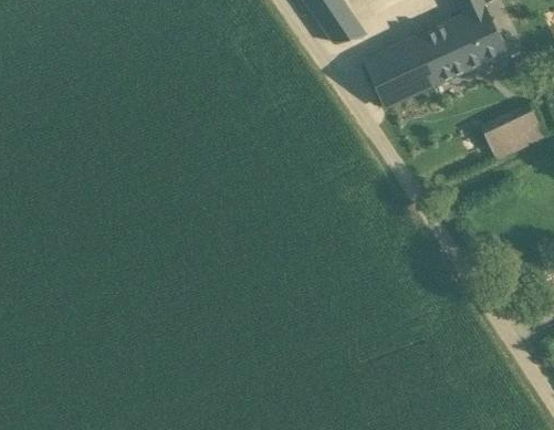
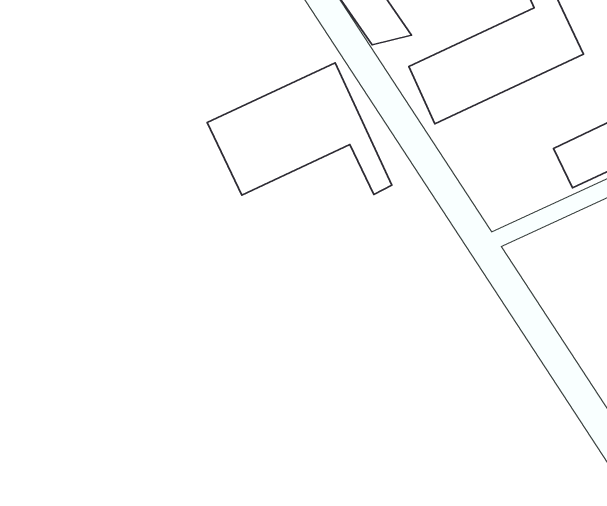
building: none -> [207,63,392,195]

